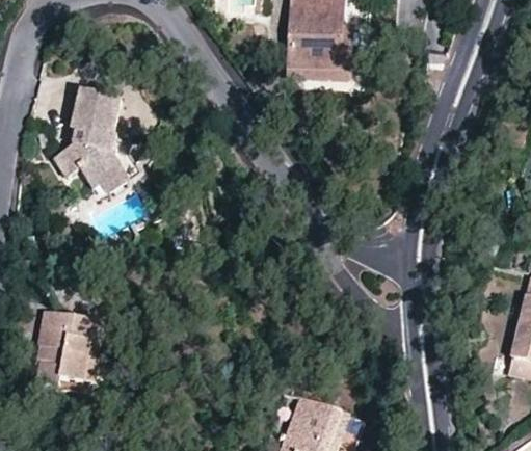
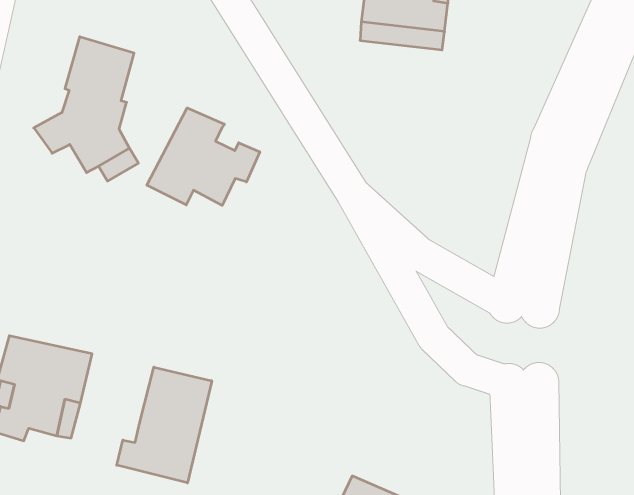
building: none -> [147,108,260,205]
building: none -> [117,367,212,483]

